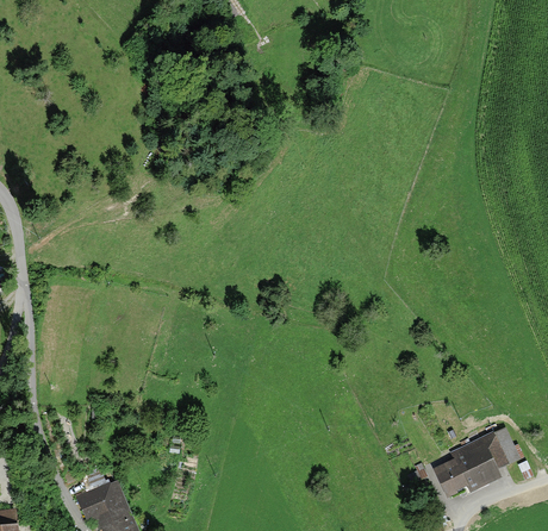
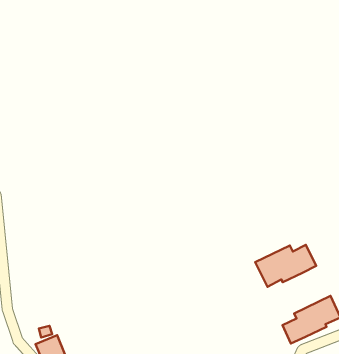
building: none -> [255,245,316,287]

